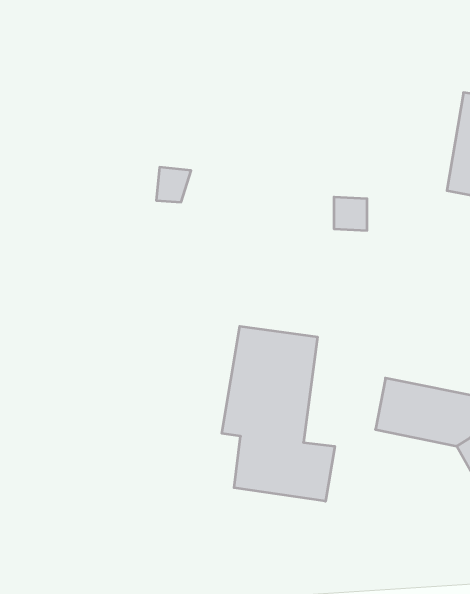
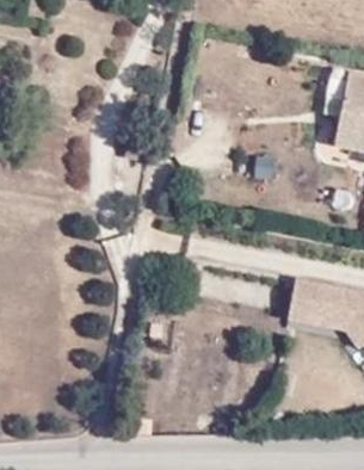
building: [222,326,335,501] -> none

